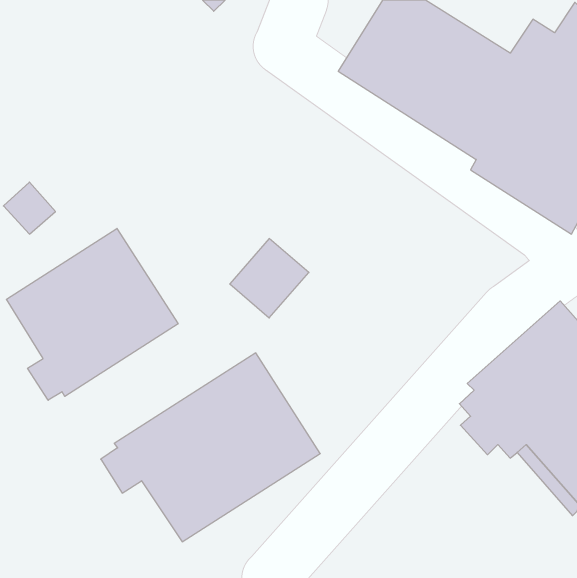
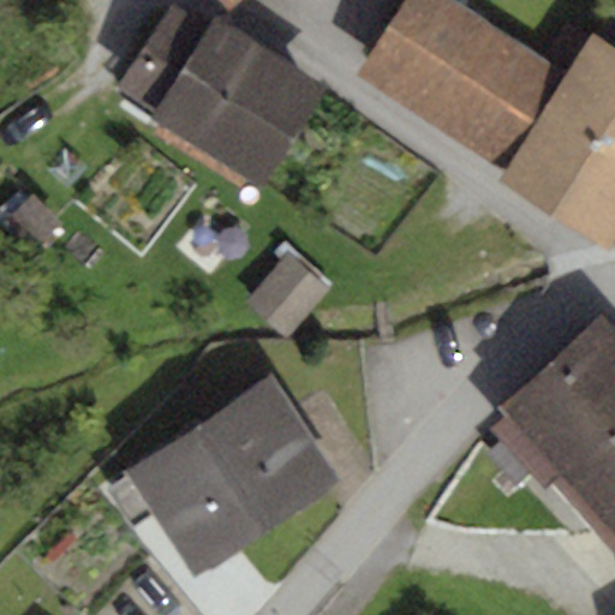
building: none -> [115,5,326,186]
building: [6,228,178,400] -> none

